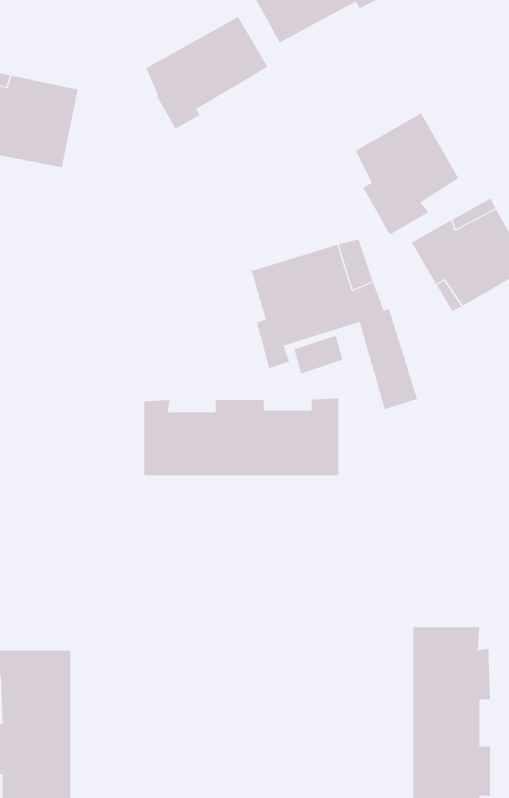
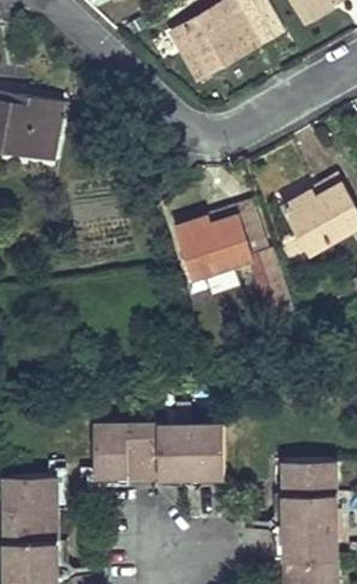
building: [146,16,268,130] -> none
building: [355,113,459,236] -> none
building: [144,398,339,476] -> [93,425,223,477]

